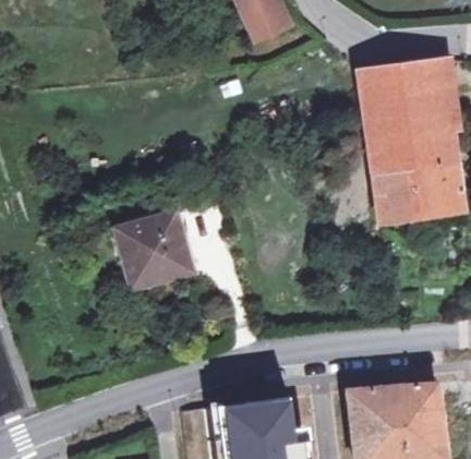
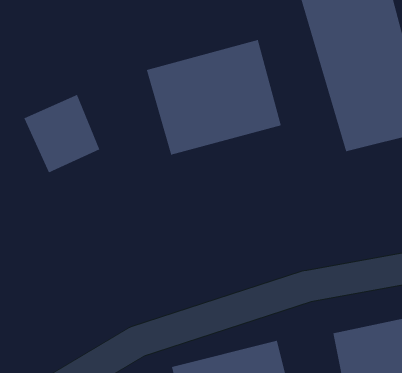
building: none -> [146,39,281,156]
building: [121,217,191,289] -> [23,94,100,173]

